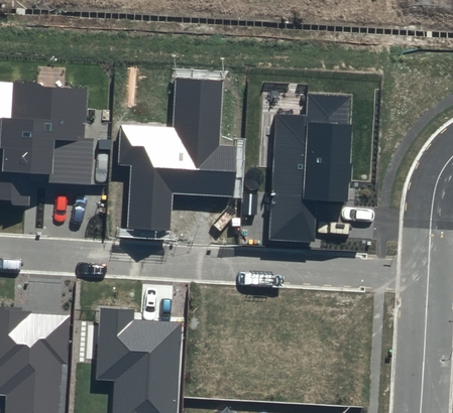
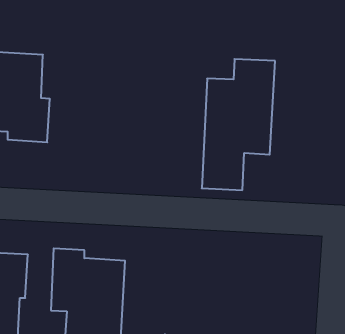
building: [117,79,236,232] -> none

